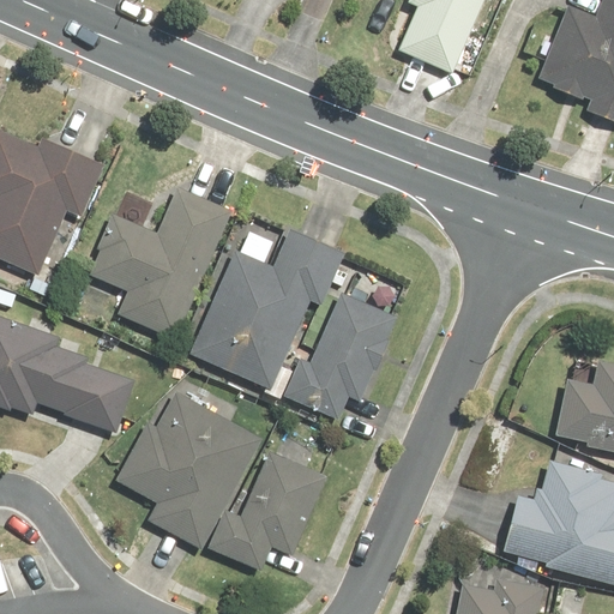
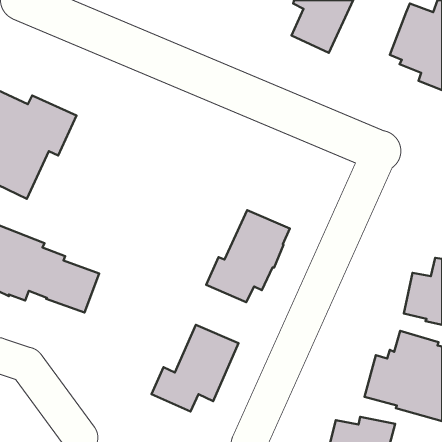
building: [88,186,234,338] -> none
building: [191,225,347,390] -> none
building: [115,391,264,549] -> none

